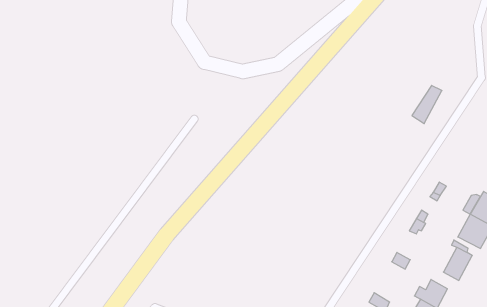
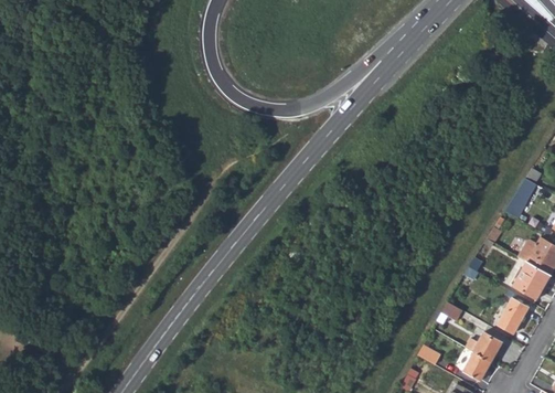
building: [412,85,442,124] -> [503,178,535,219]

